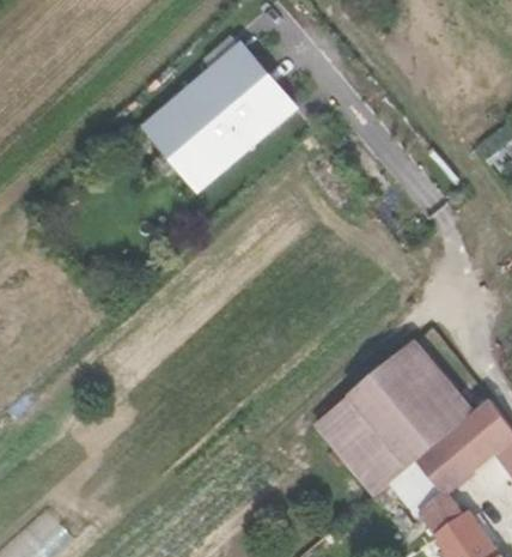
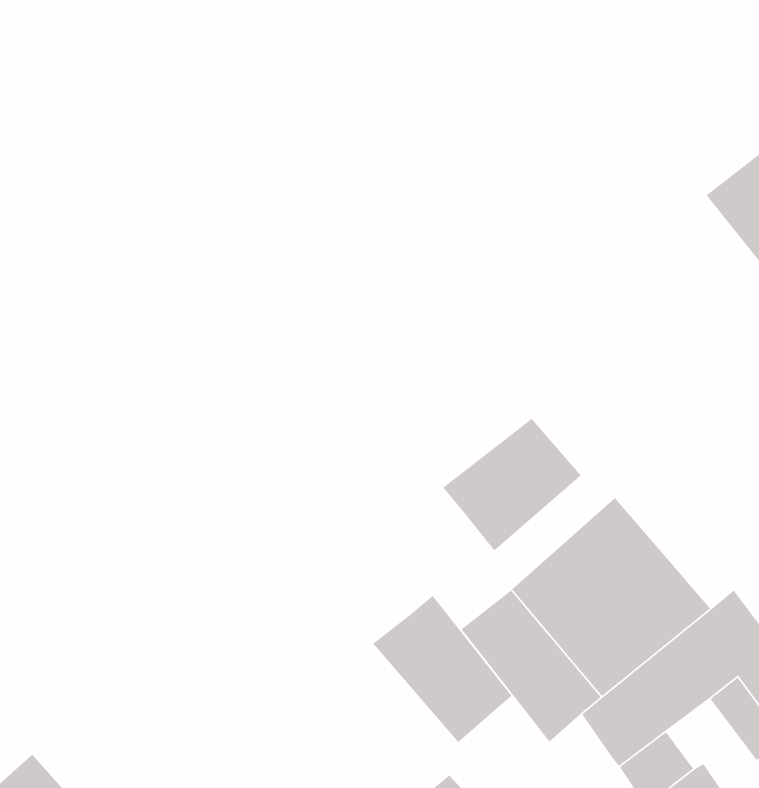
building: [146,47,292,188] -> none
building: none -> [442,418,582,551]
building: none -> [372,595,513,743]

